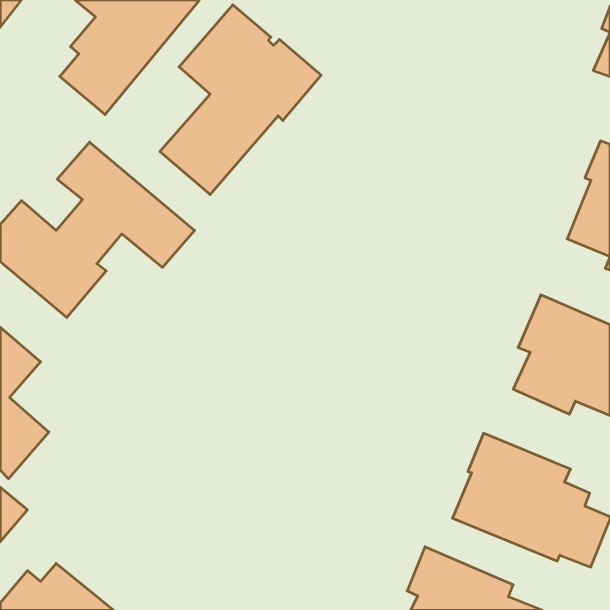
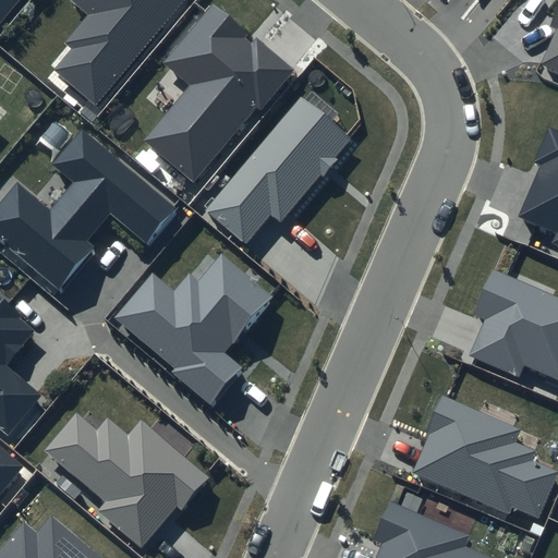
building: none -> [203,96,351,246]
building: none -> [114,255,271,403]
building: none -> [45,413,210,547]

